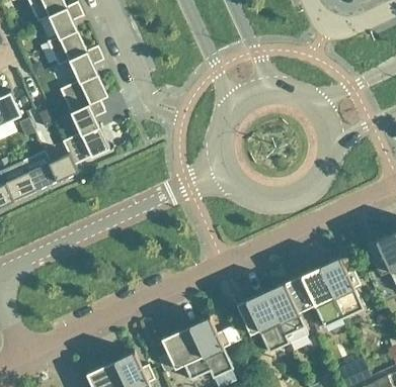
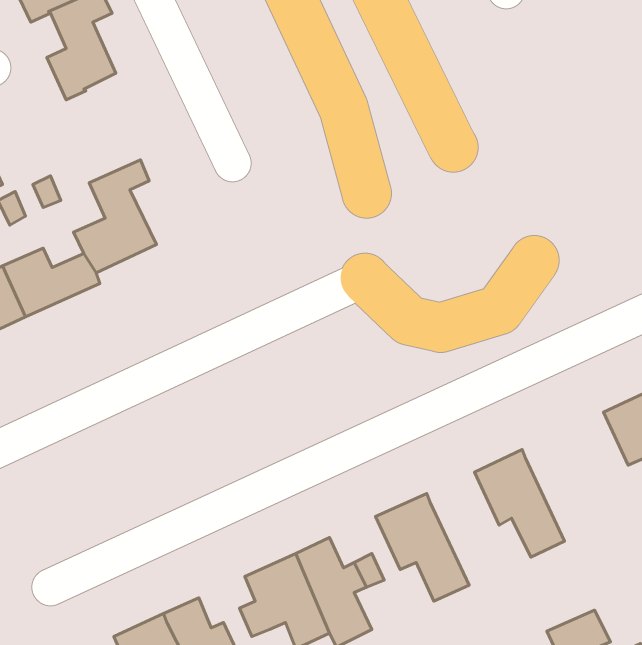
building: [59,46,107,114] -> none
building: [319,258,364,319] -> none
building: [264,280,308,345] -> none

